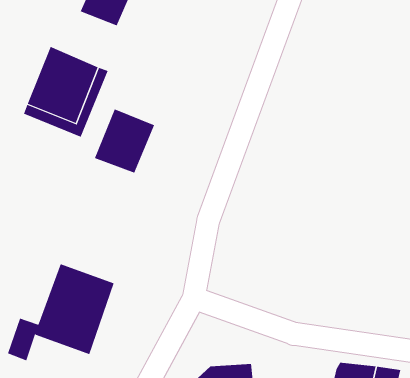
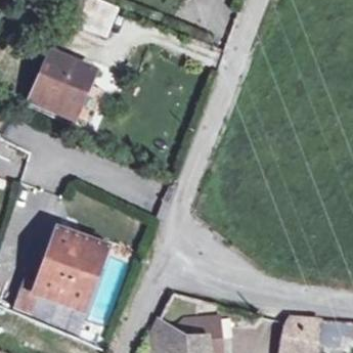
building: [94,109,155,173] -> none

